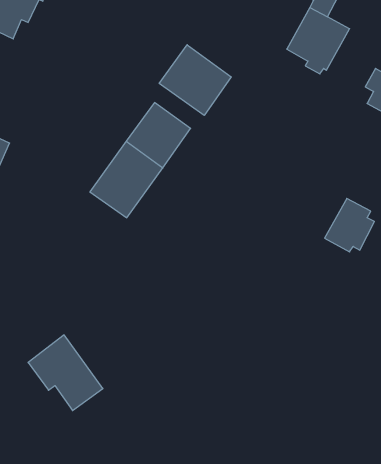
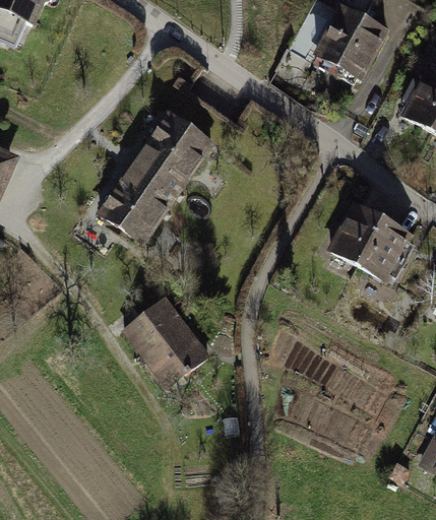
building: [159,45,231,115] -> none
building: none -> [330,205,382,263]
building: [28,335,103,411] -> [124,297,206,380]

